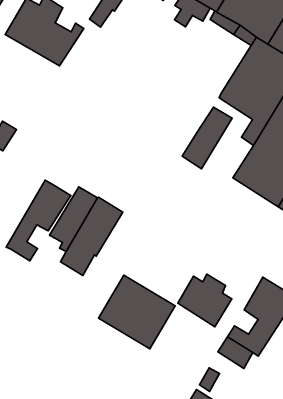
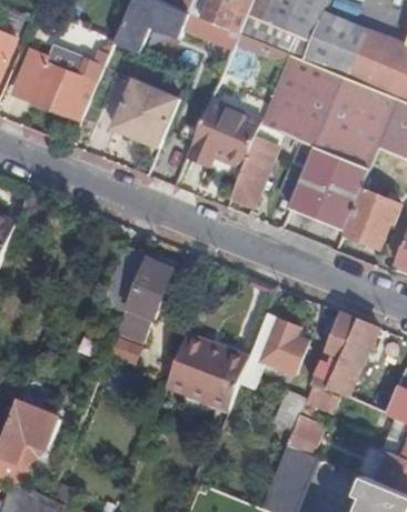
building: none -> [96,69,181,148]
building: none -> [189,100,260,167]
building: [6,180,71,261] -> none

